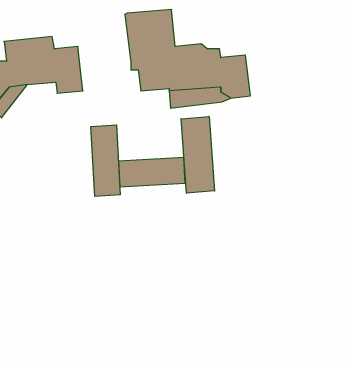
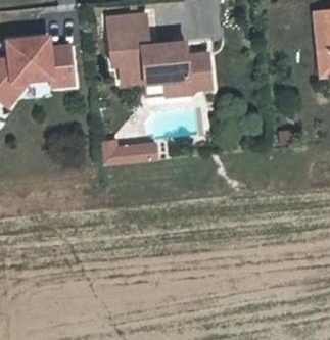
building: [181,116,215,193] -> none
building: [91,125,120,196] -> none

